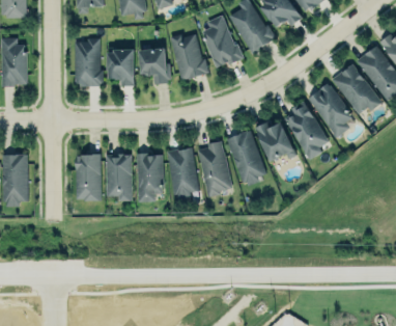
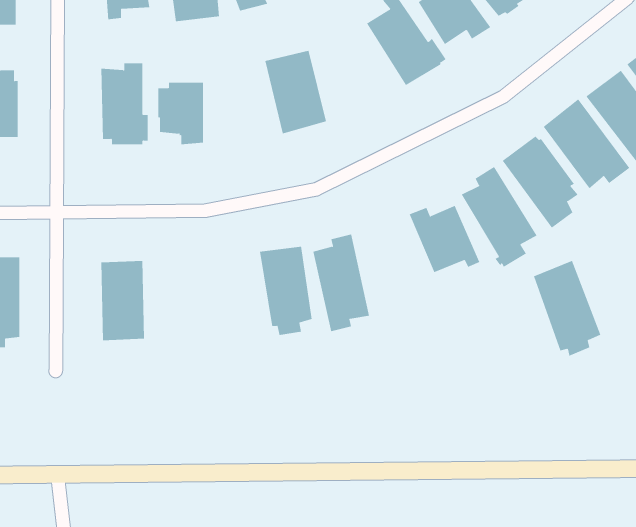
building: [202,16,244,69] -> none
building: [139,49,168,85] -> none
building: [227,129,266,185] -> [533,260,601,356]
building: [106,153,132,199] -> none
building: [136,154,163,202] -> none

